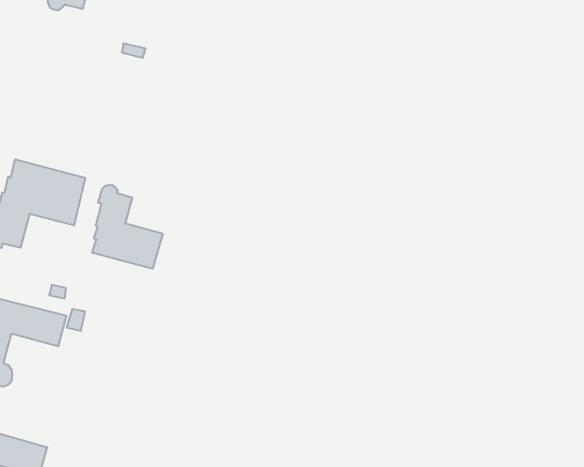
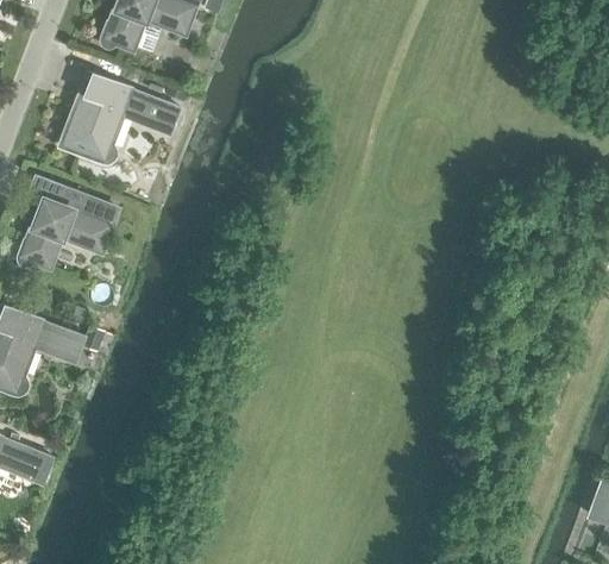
building: none -> [63,74,180,163]
building: [92,185,163,269] -> none

